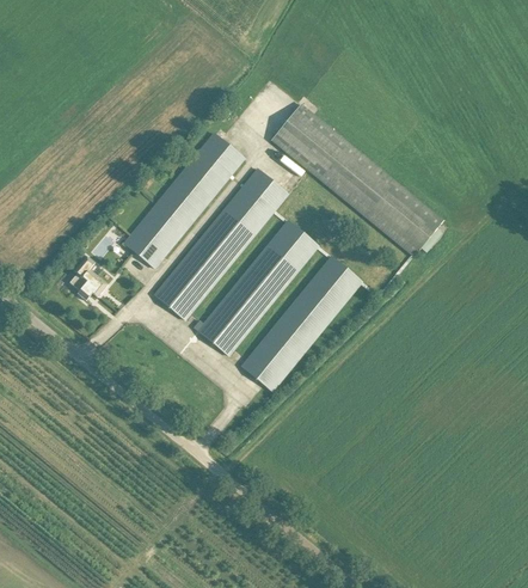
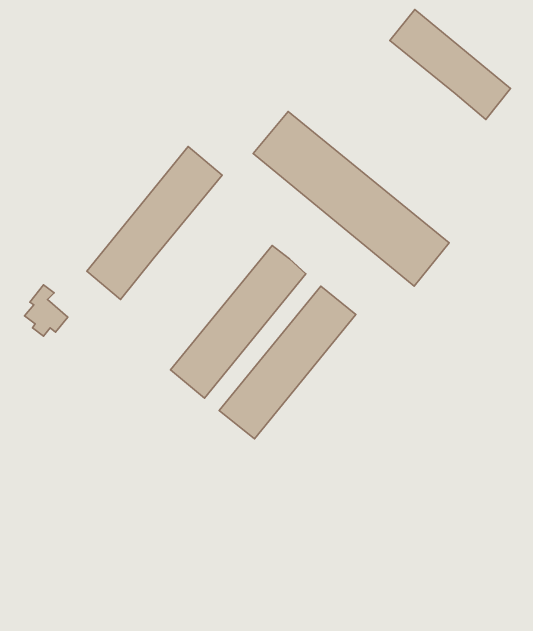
building: none -> [390,10,511,119]
building: [153,170,287,320] -> none

